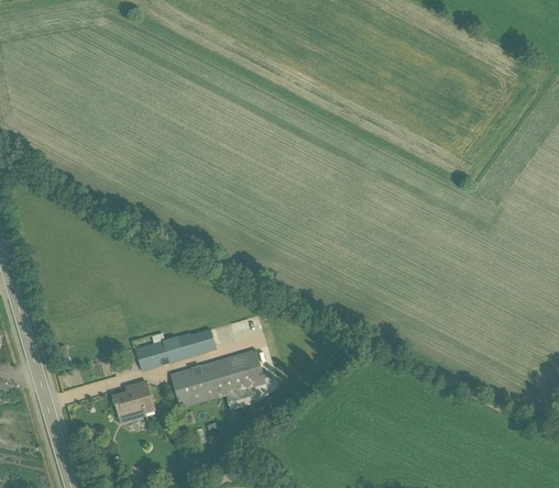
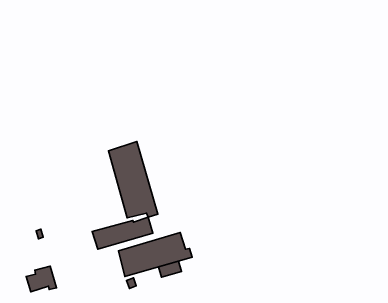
building: none -> [109,142,158,218]
building: [112,381,154,417] -> [26,266,56,292]

